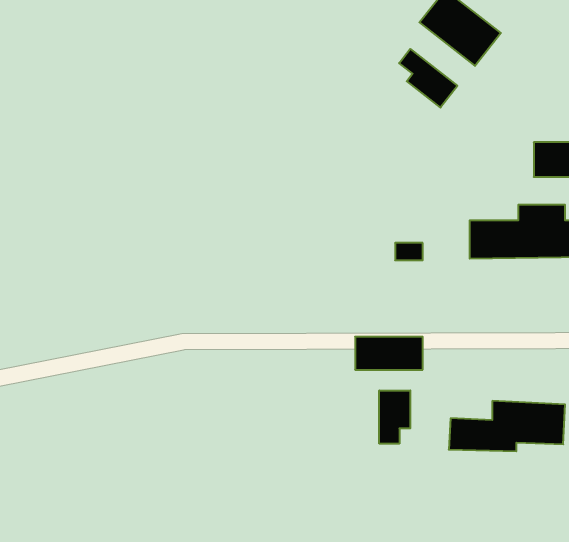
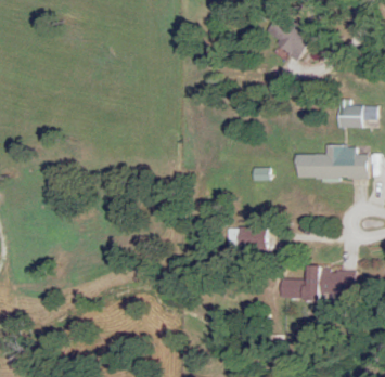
building: [399,49,457,108] -> none
building: [379,390,410,444] -> none

